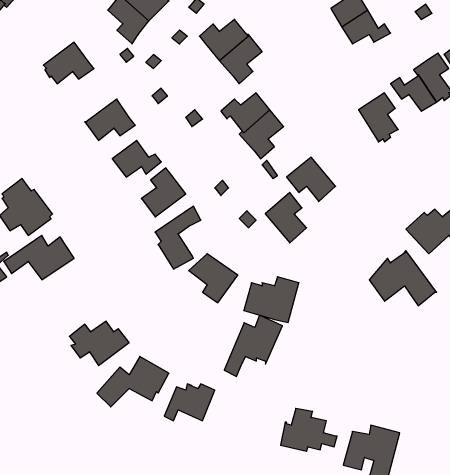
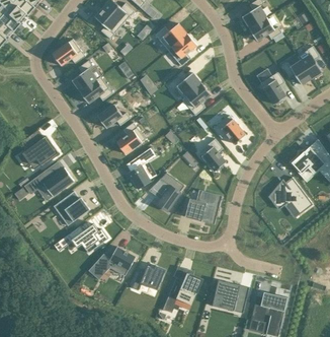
building: none -> [72,60,96,91]
building: none -> [53,191,89,225]
building: [224,315,282,376] -> [163,272,201,313]

